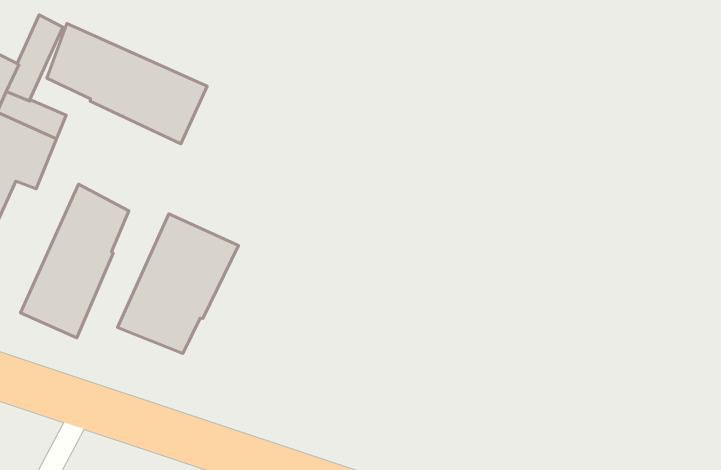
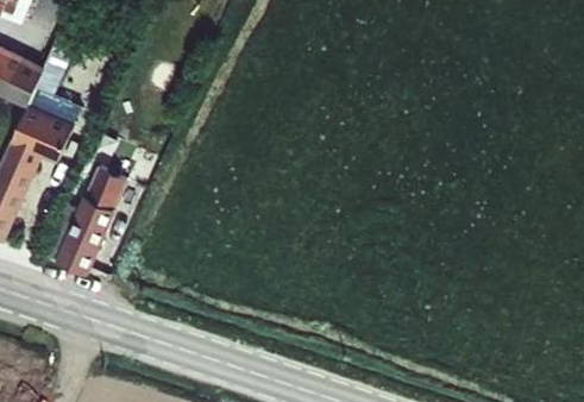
building: [47,23,207,144] -> none
building: [117,214,238,353] -> none

